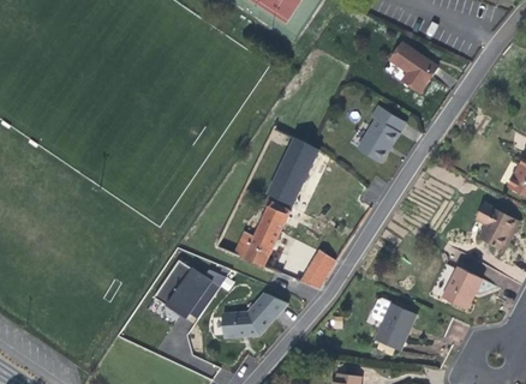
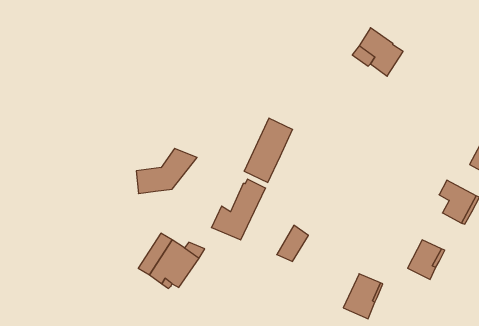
building: [358,106,405,162] -> none
building: [225,293,289,341] -> [136,148,197,194]

